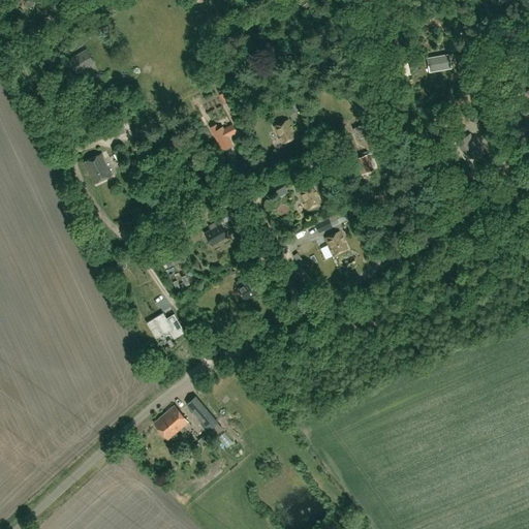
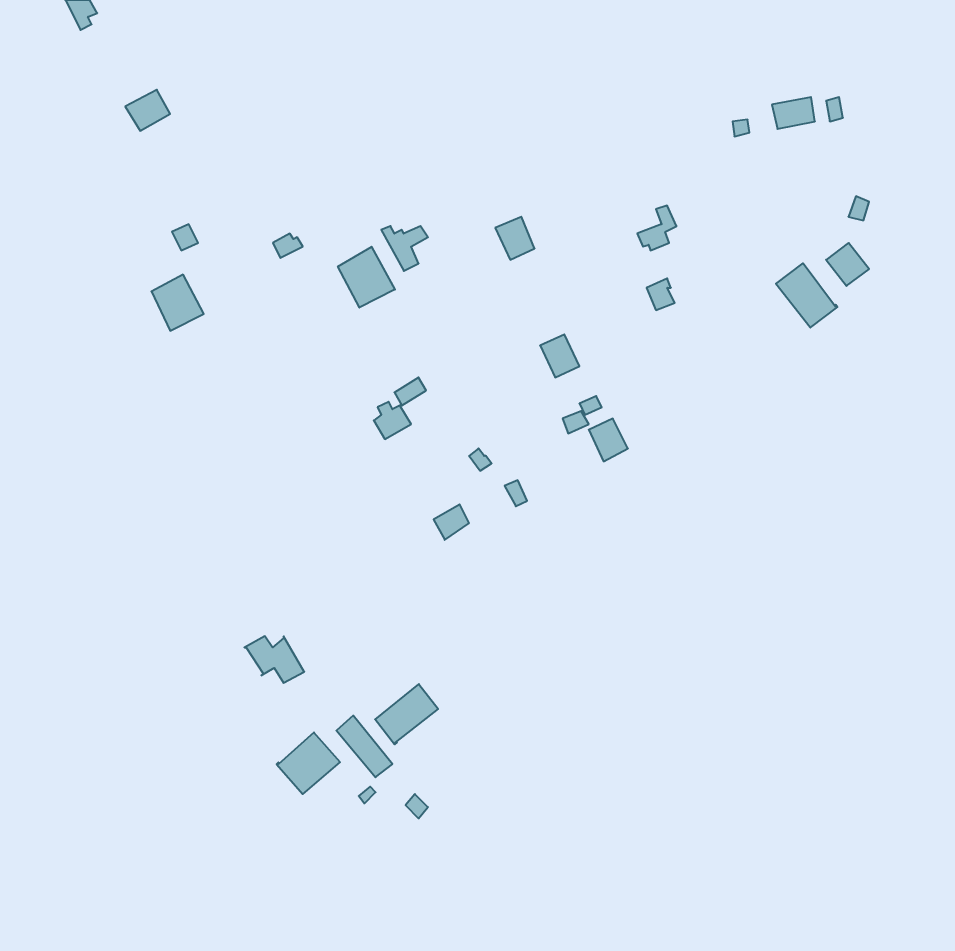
building: none -> [338,247,395,308]
building: none -> [776,263,837,328]
building: [152,315,185,341] -> [244,636,304,683]
building: none -> [375,684,438,744]

